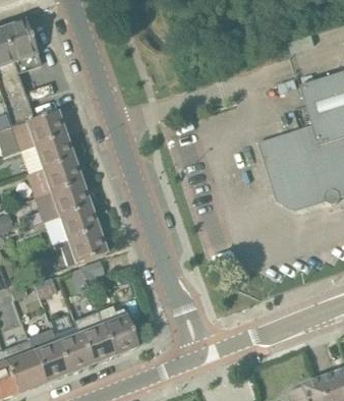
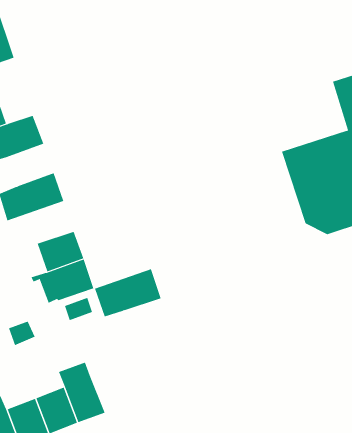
building: [34,134,72,169] -> none
building: [34,181,89,221] -> [94,268,161,317]
building: [102,316,137,354] -> none

